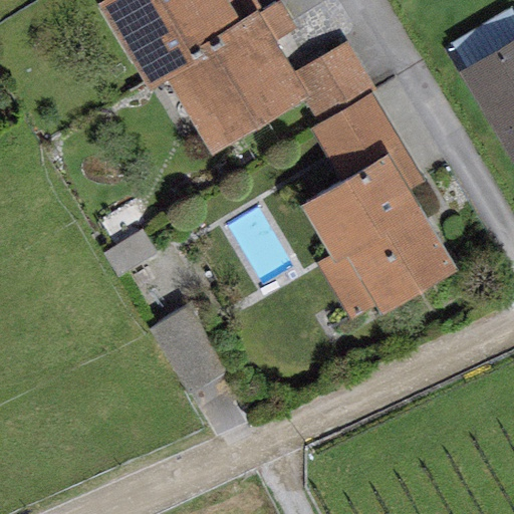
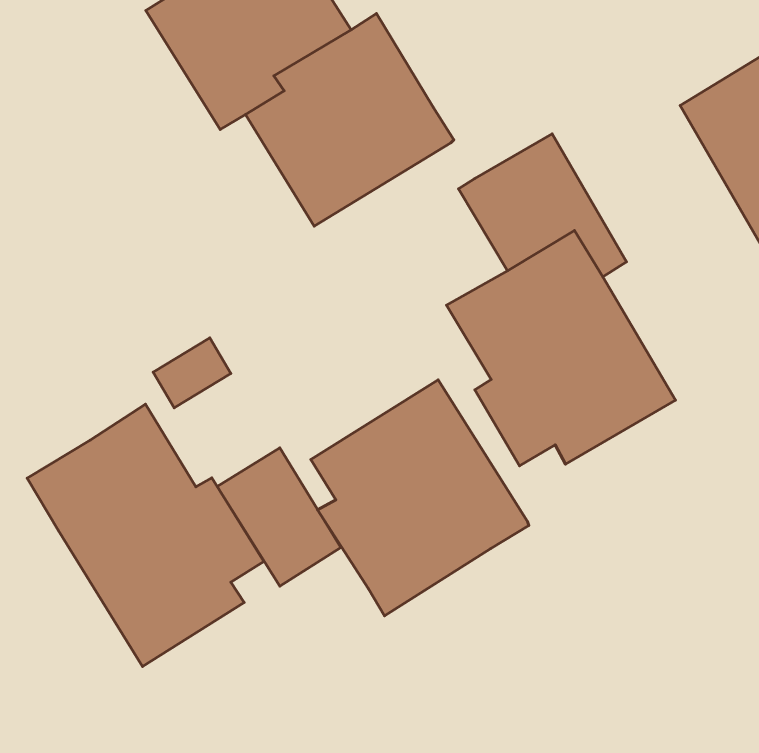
building: [293,39,377,120] -> none
building: none -> [311,380,529,616]
building: none -> [27,404,264,666]

